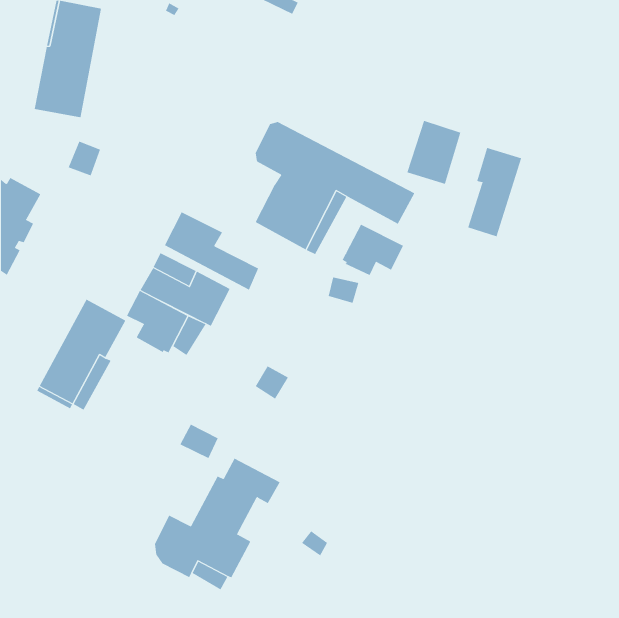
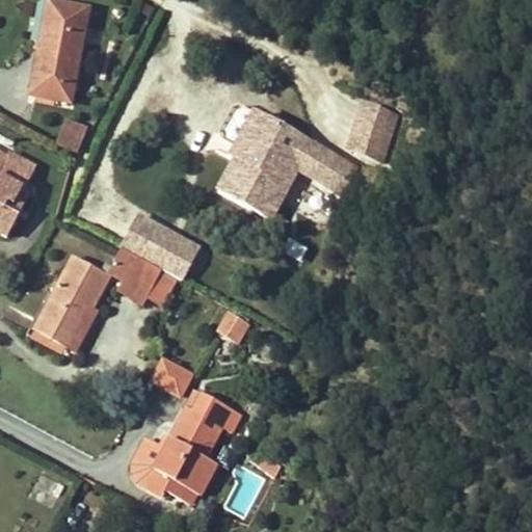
building: [468,147,522,237] -> none
building: [164,211,259,290] -> none
building: [342,224,404,276] -> none

